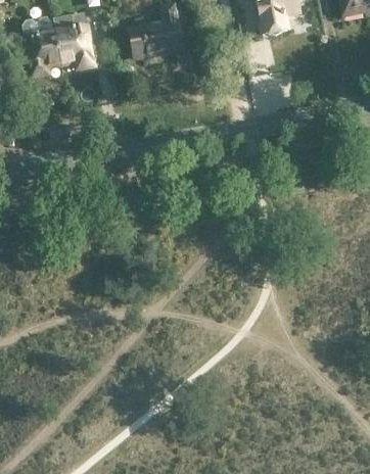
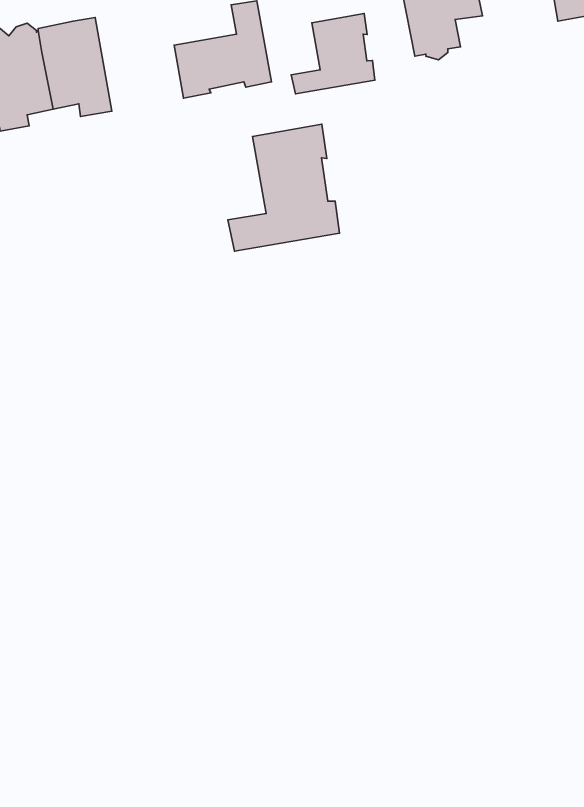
building: none -> [291,14,375,94]
building: none -> [228,124,340,251]

